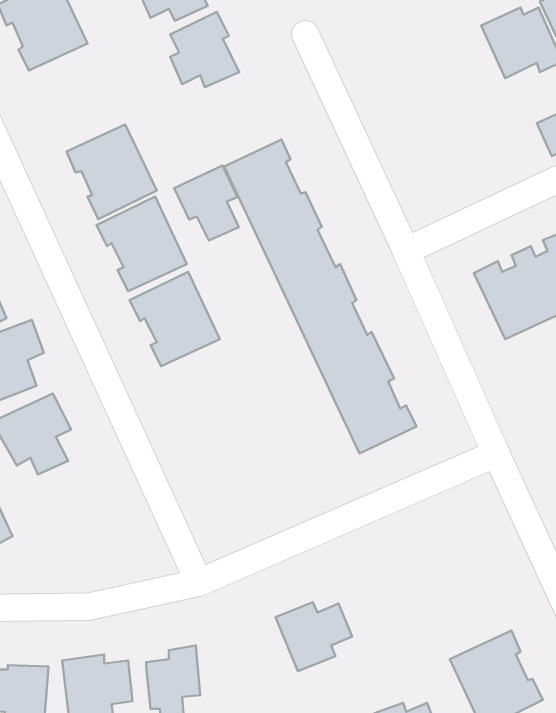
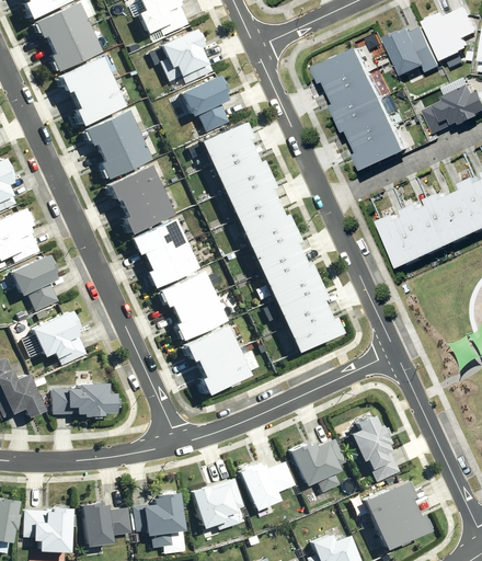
building: none -> [321,45,412,167]
building: none -> [58,56,125,125]
building: [174,165,239,241] -> [182,75,229,129]
building: none -> [159,268,225,337]
building: none -> [184,323,250,392]
building: none -> [54,381,116,413]
building: none -> [348,415,397,484]
building: none -> [289,430,347,495]
building: none -> [194,481,241,526]

